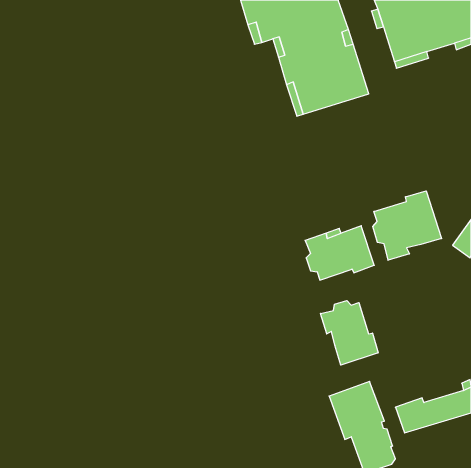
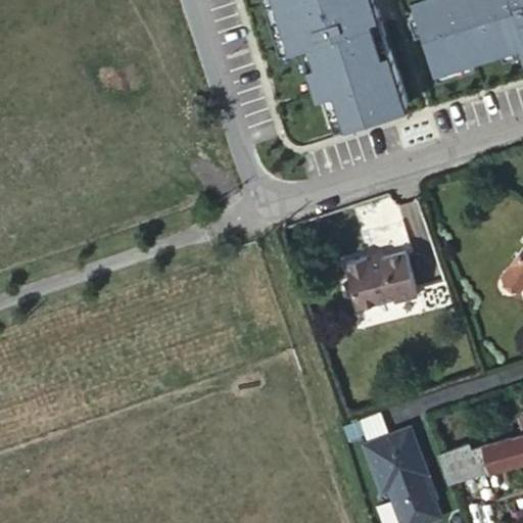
building: [373,191,442,260] -> none
building: [321,301,378,365] -> none

